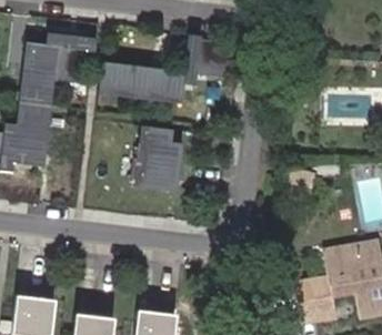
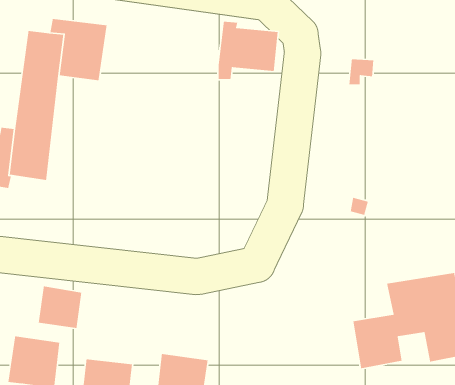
building: [99,61,184,102] -> none
building: [131,125,183,191] -> none
building: none -> [38,286,82,329]

